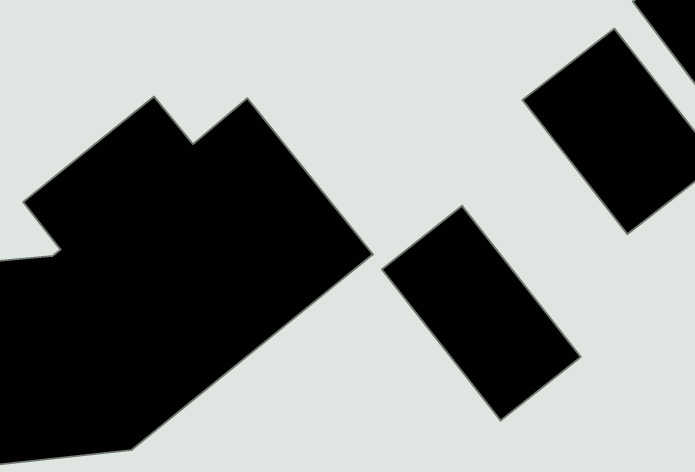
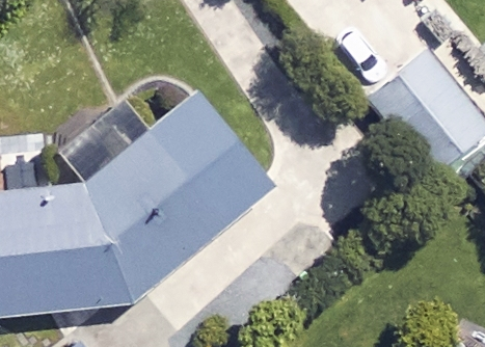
building: [382,206,581,421] -> none

